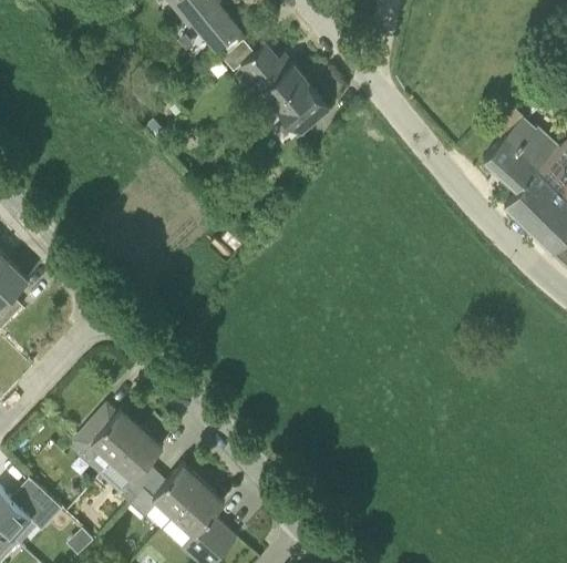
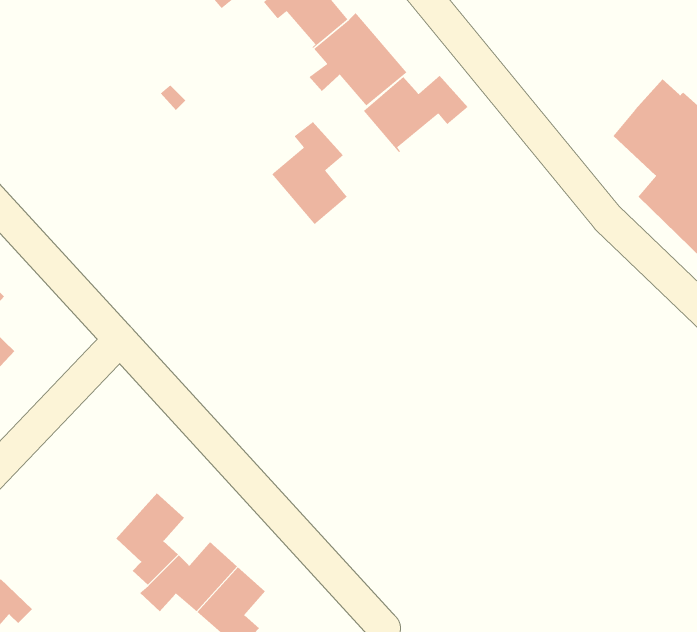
building: none -> [363,75,468,153]
building: none -> [271,121,348,225]
building: [73,408,142,461] -> none

